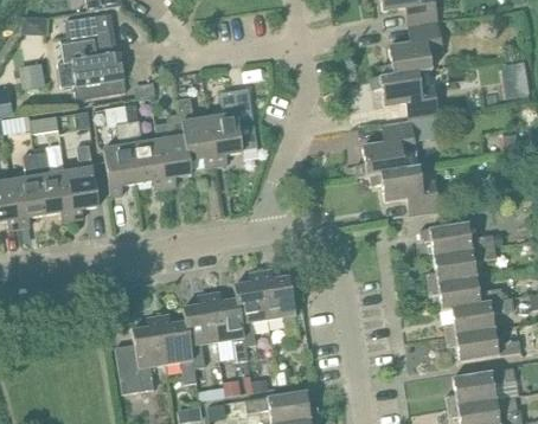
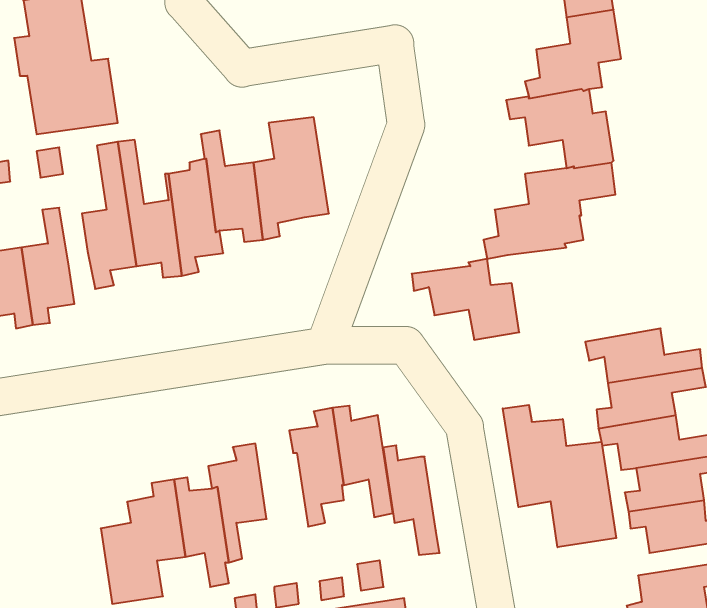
building: [371,165,438,216] -> [412,259,519,340]
building: none -> [503,405,616,547]
building: [212,291,248,360] -> [383,445,440,555]

